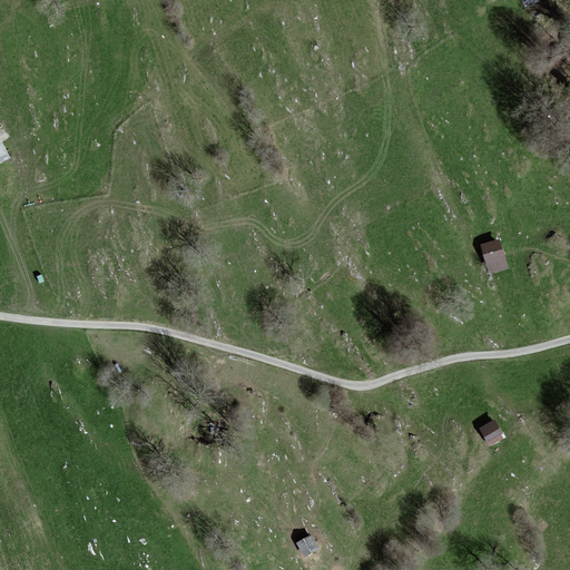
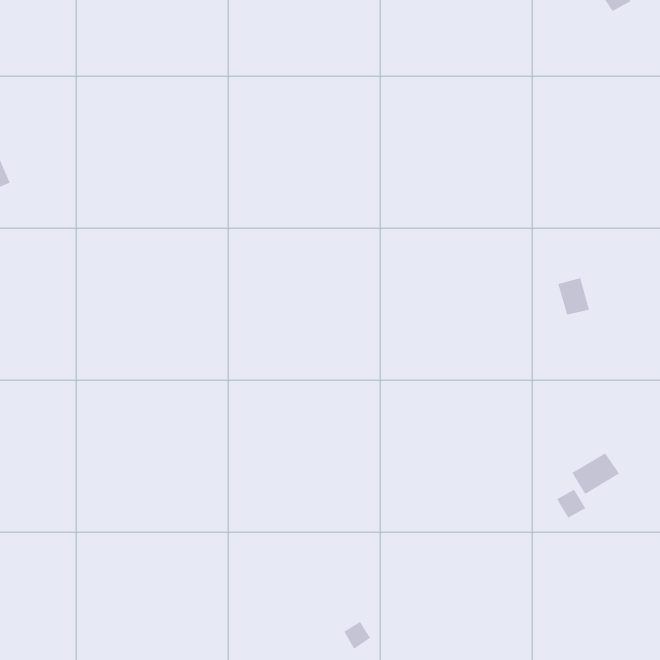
building: none -> [571,453,620,495]

